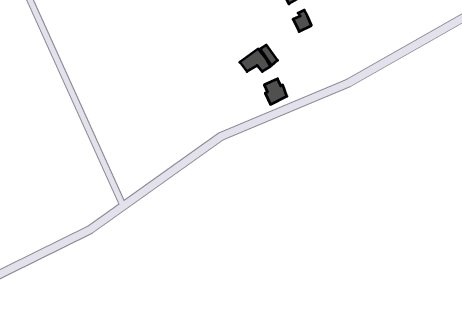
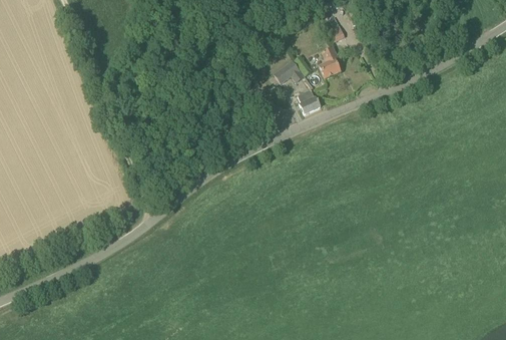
building: none -> [319,46,340,78]

